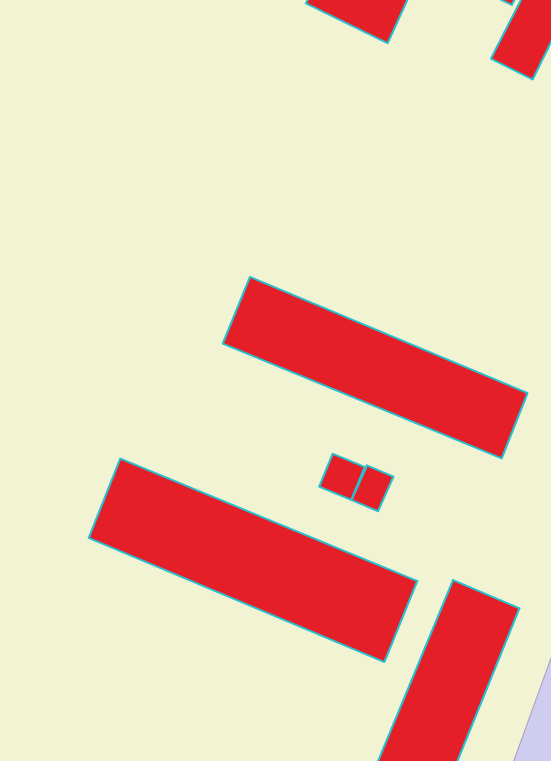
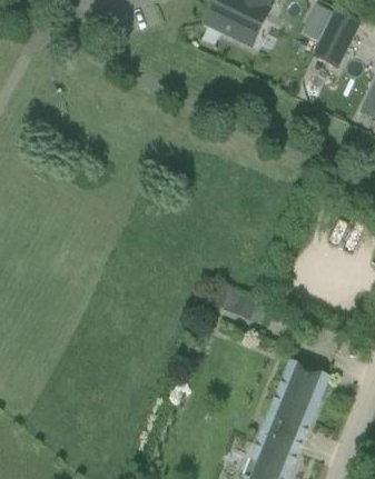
building: [223,277,527,459] -> none
building: [89,459,417,662] -> none

